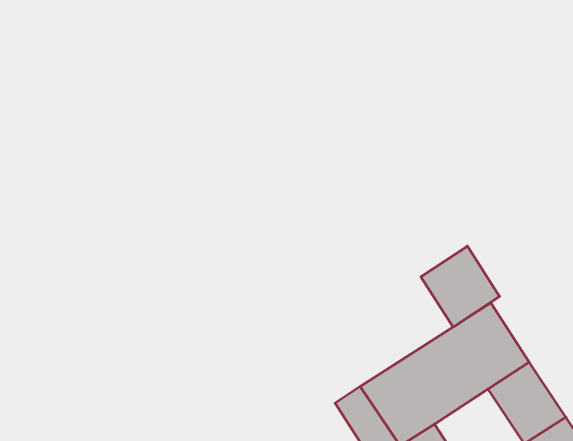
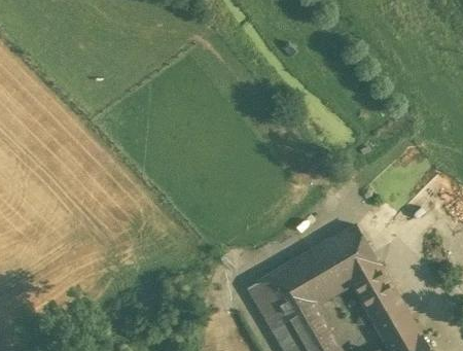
building: [421,246,500,327] -> none

